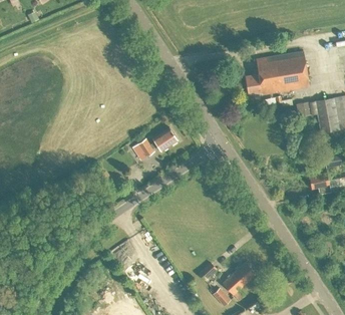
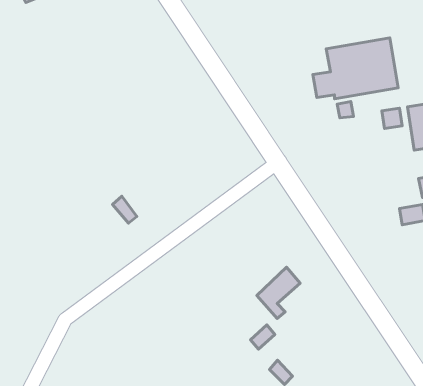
building: [132,126,179,161] -> none
building: [224,263,256,301] -> [257,267,300,319]

